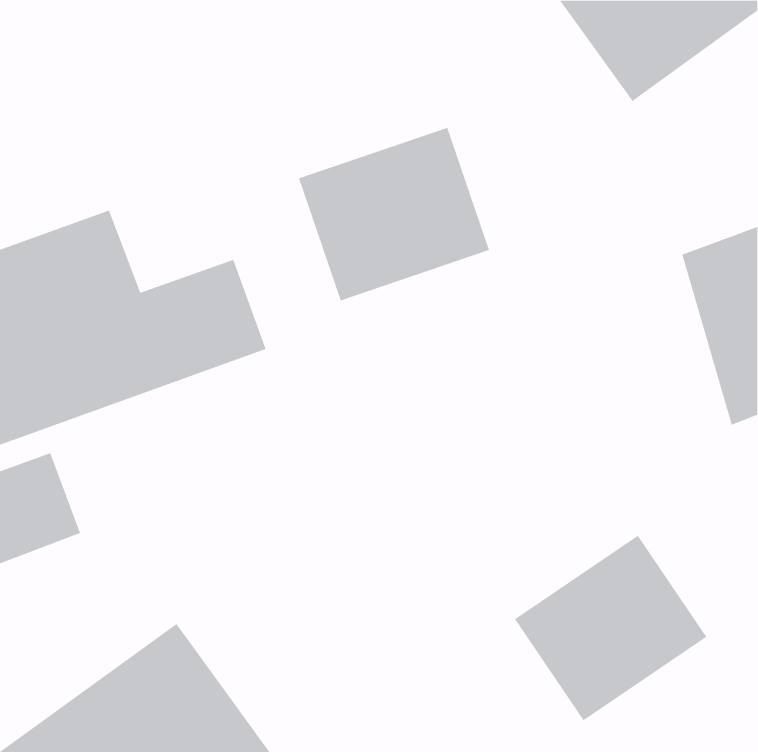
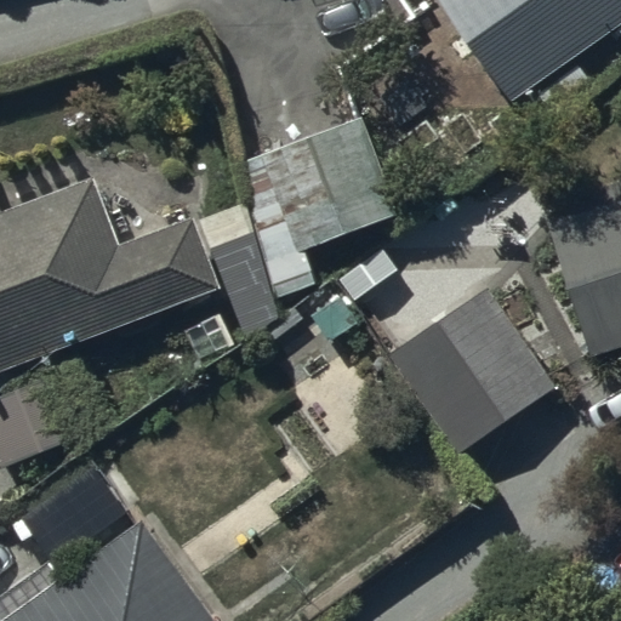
building: none -> [392,292,553,456]
building: [514,535,707,721] -> none

